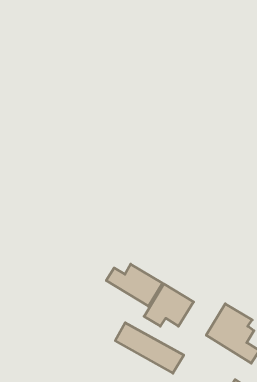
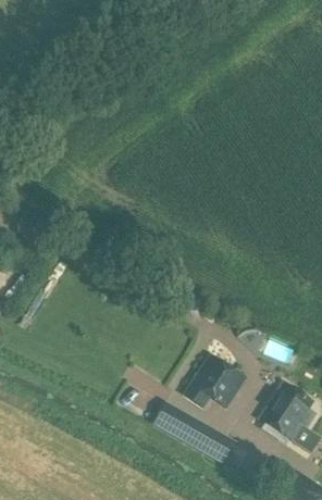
building: [106,264,163,306] -> none

